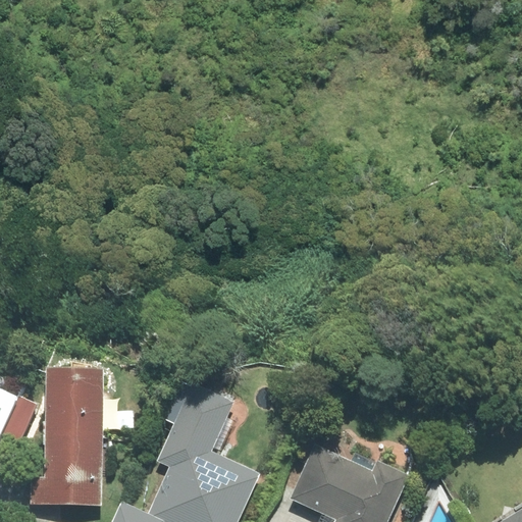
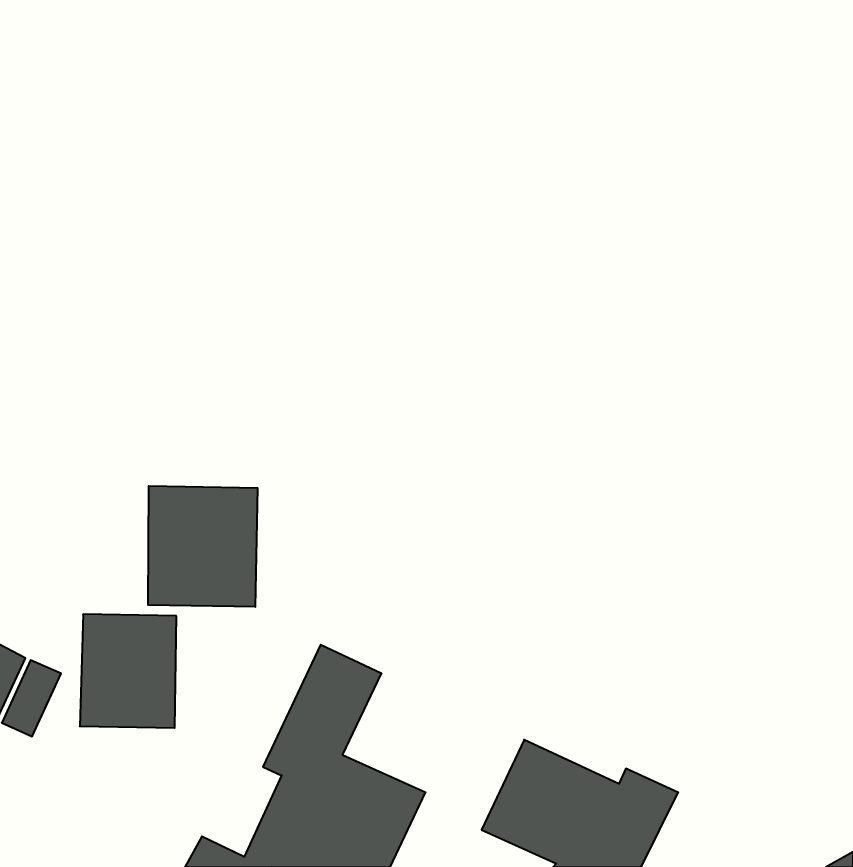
building: none -> [148,486,258,607]
building: [32,436,105,506] -> none

